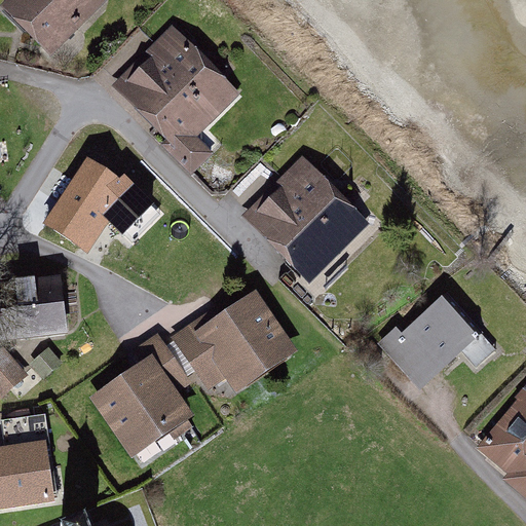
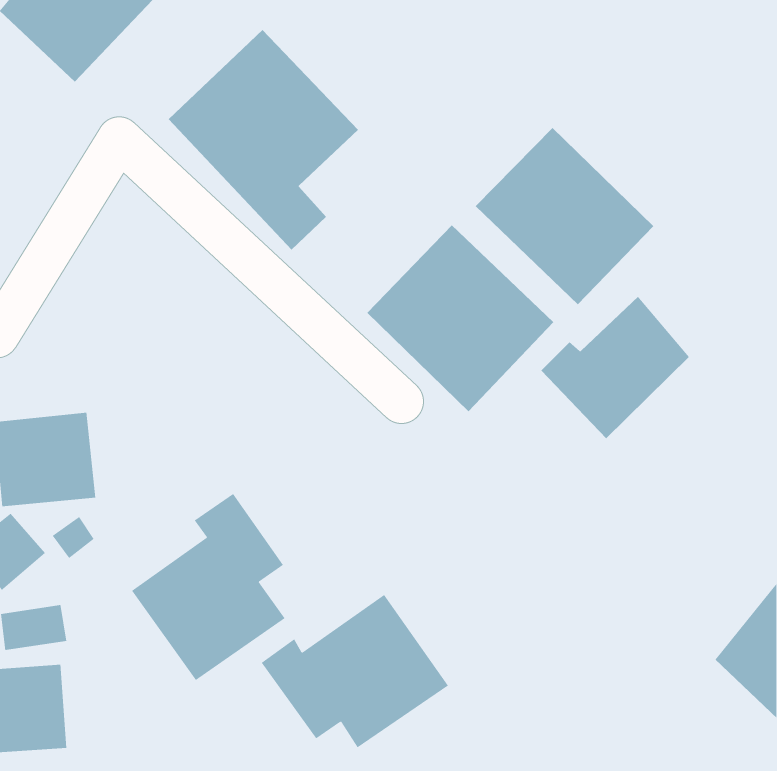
building: none -> [475,127,654,305]
building: [39,162,128,257] -> none
building: [170,290,296,393] -> [261,594,449,748]
building: [381,292,482,388] -> [540,296,690,439]

